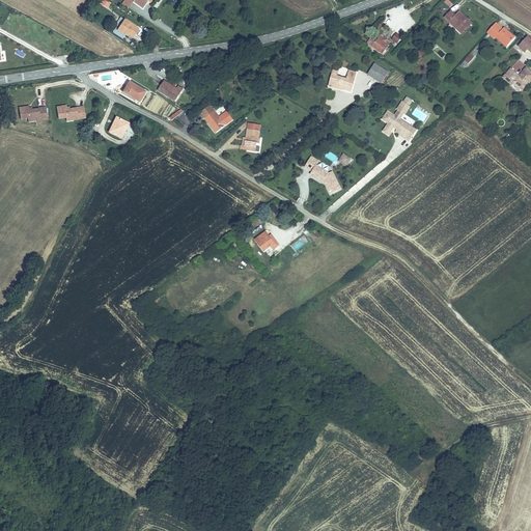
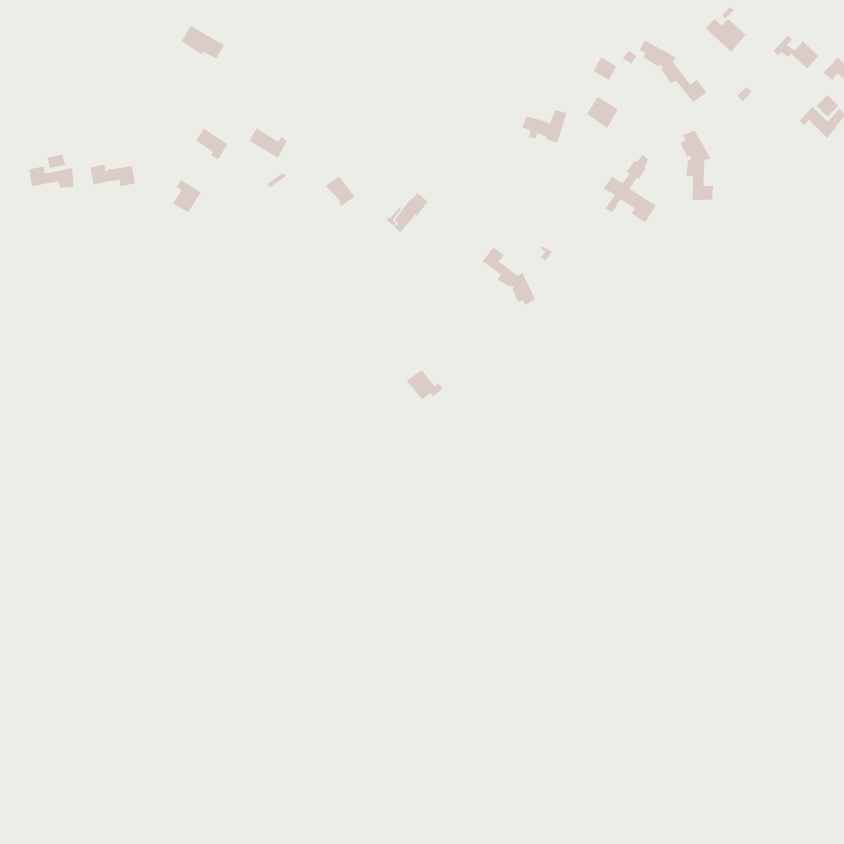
building: none -> [638,39,708,103]
building: none -> [679,129,714,201]

